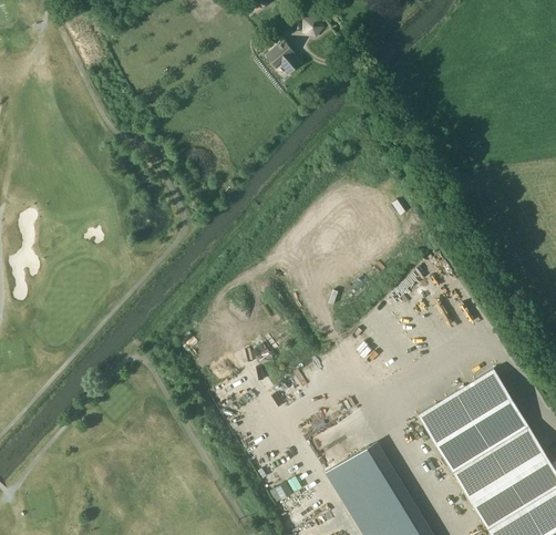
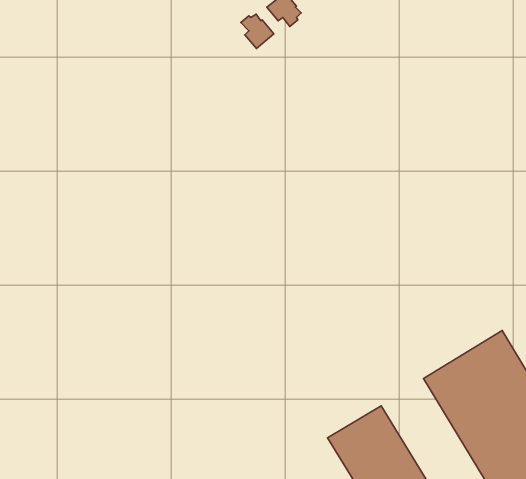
building: none -> [241,14,274,49]

